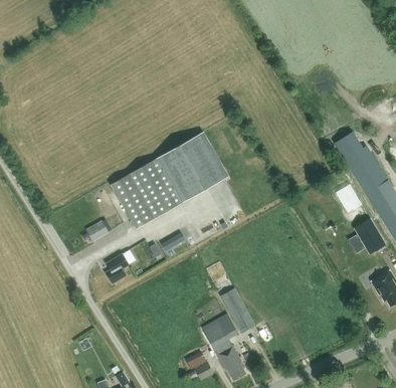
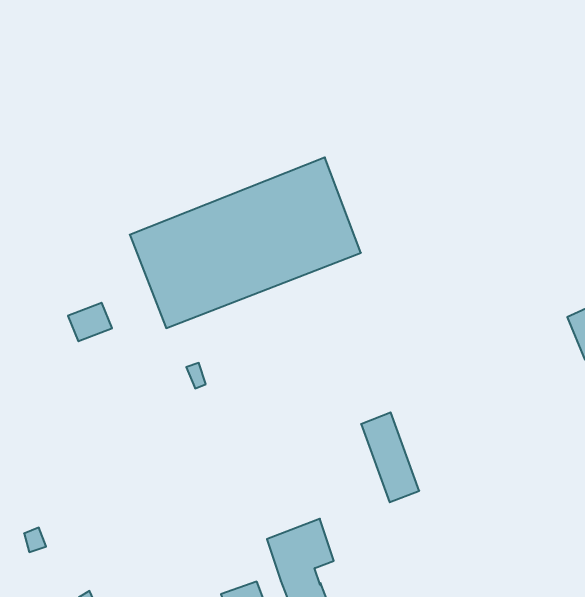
building: [106,253,130,282] -> none
building: [220,287,254,333] -> [361,412,419,502]

